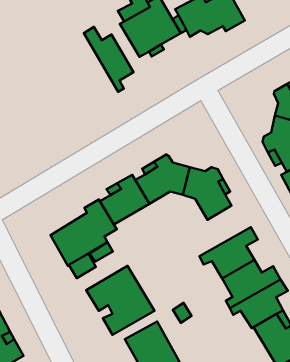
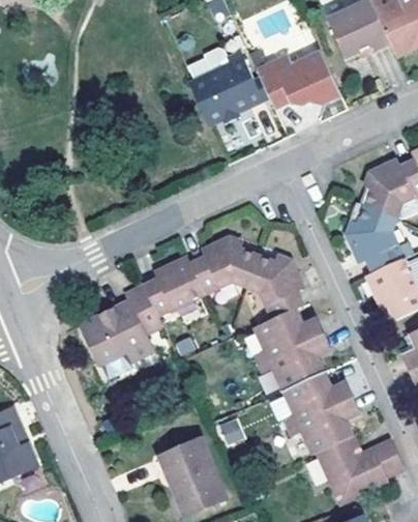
building: [84,27,133,92] -> none
building: none -> [253,310,323,363]
building: [86,266,155,335] -> none

